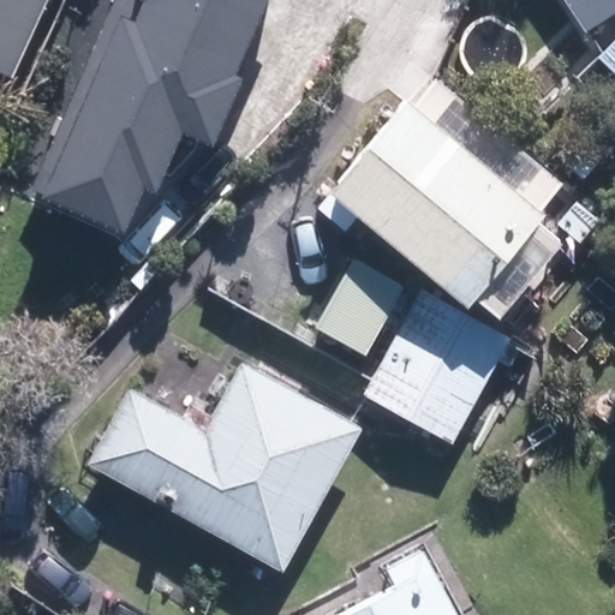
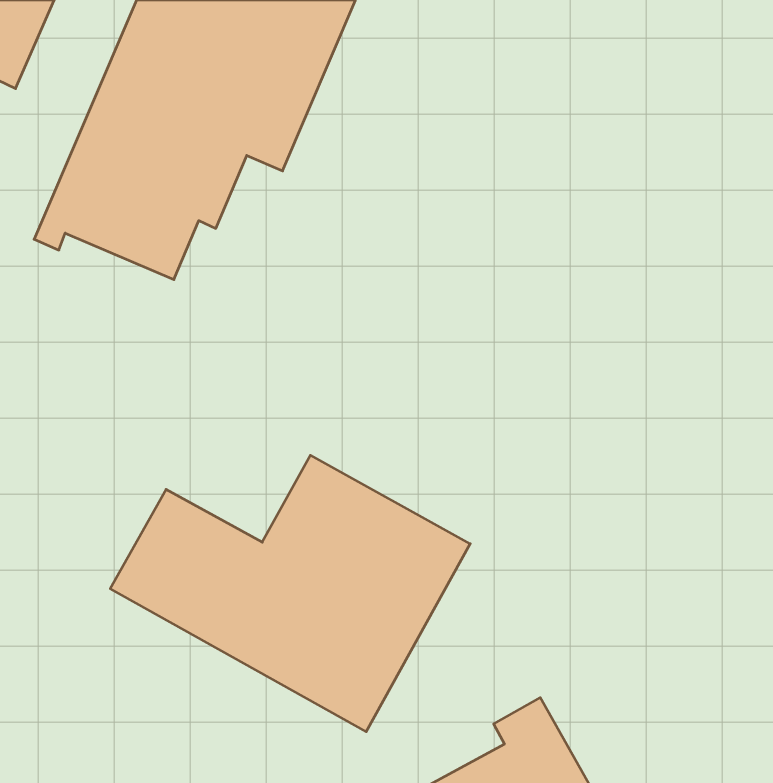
building: [338,94,571,314] -> none
building: [357,288,507,444] -> none

